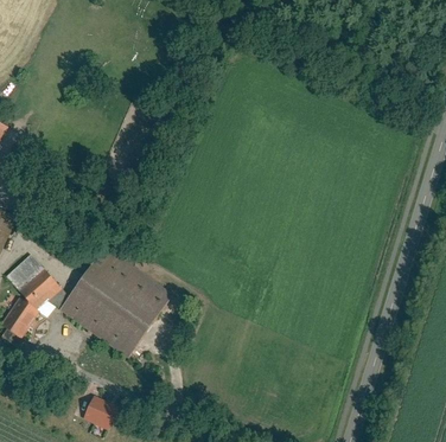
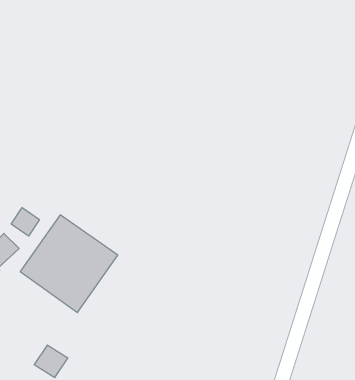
building: none -> [11,208,39,236]

